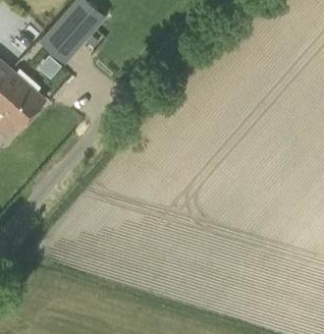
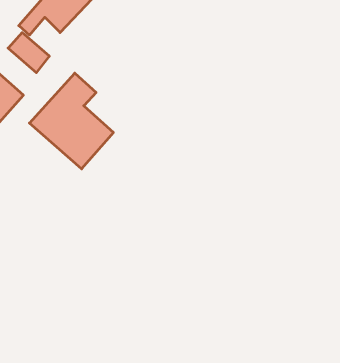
building: none -> [29,73,113,169]

